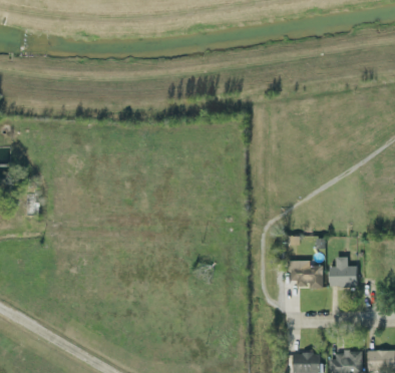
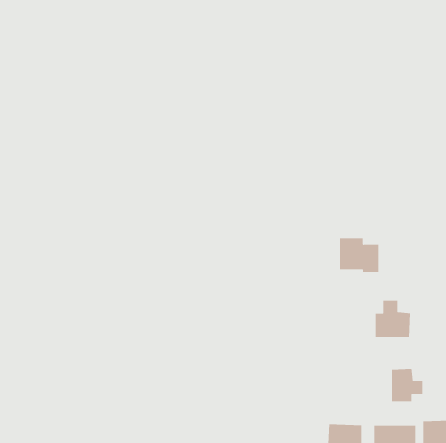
building: [291,260,322,287] -> [339,238,379,273]
building: none -> [391,368,423,402]

